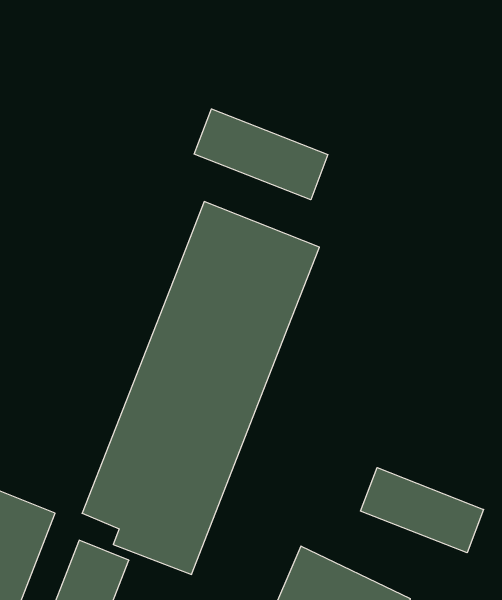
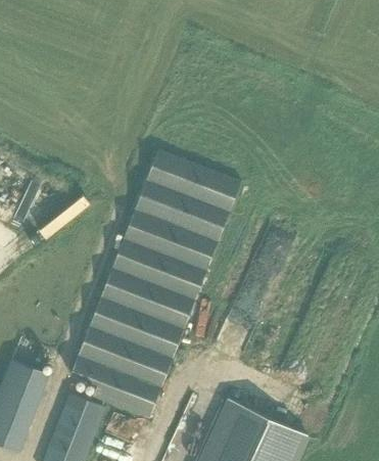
building: [194,109,328,200] -> none
building: [360,468,484,553] -> none

